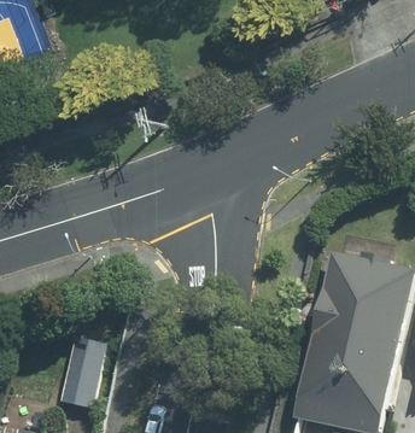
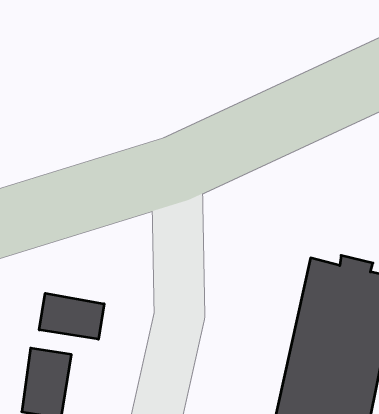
building: none -> [39,293,104,339]

